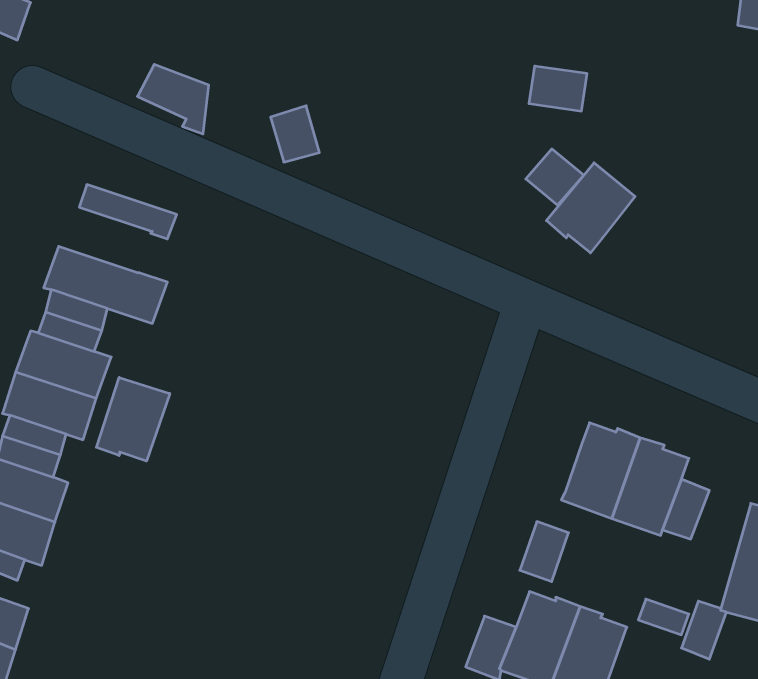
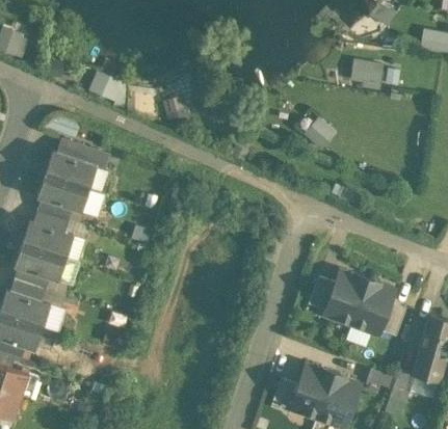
building: [529,66,587,111] -> [352,60,385,85]
building: [546,163,635,253] -> none
building: none -> [46,150,98,187]
building: [96,377,170,461] -> none
building: [520,522,569,582] -> [309,275,336,309]

